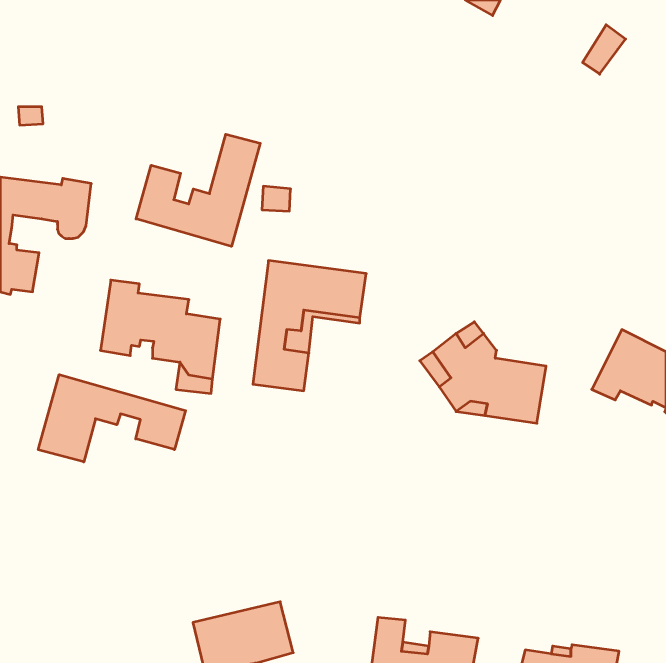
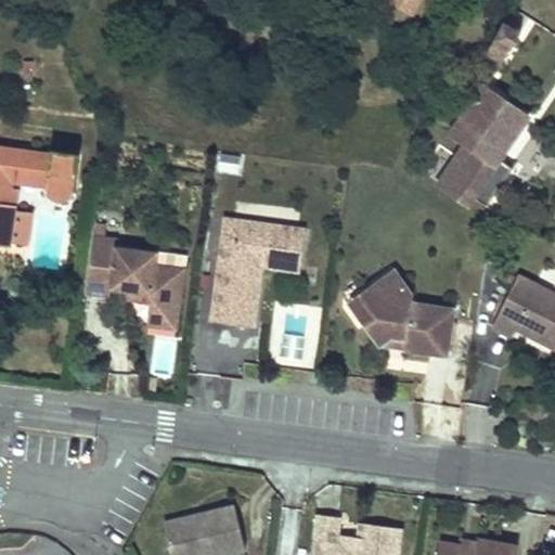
building: none -> [437,87,527,207]
building: [136,134,260,246] -> none
building: [38,375,186,462] -> none

